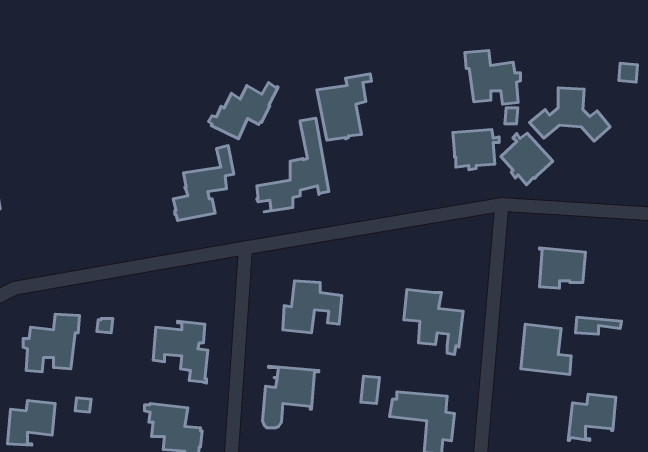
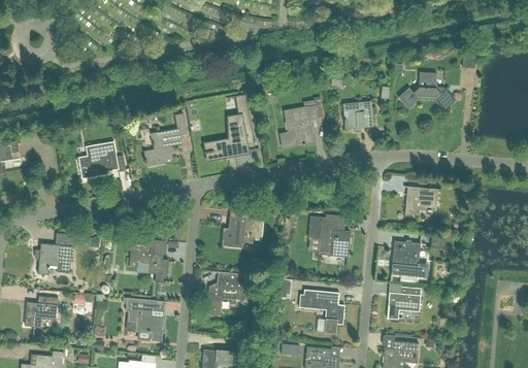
building: [465,51,521,104] -> none
building: [317,74,372,140] -> [283,98,322,145]
building: [208,83,278,139] -> none
building: [501,133,553,185] -> none
building: none -> [78,141,127,177]
building: [568,394,616,440] -> [387,286,421,319]

